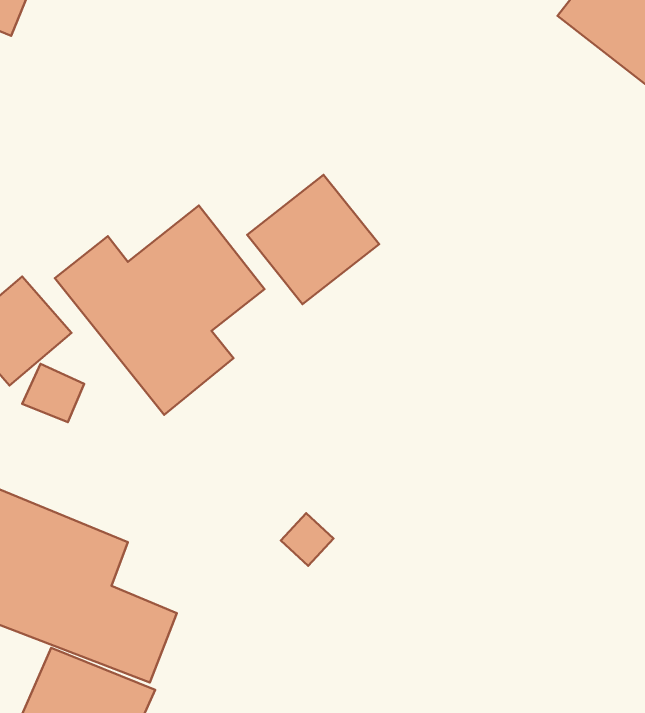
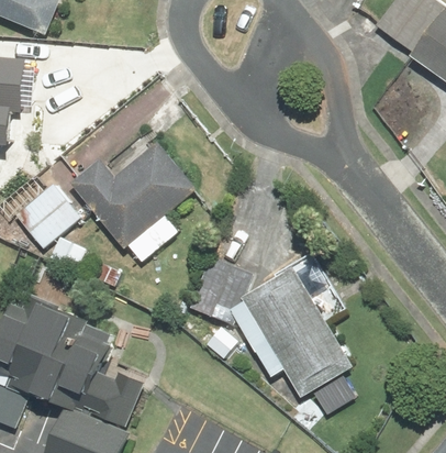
building: [247,175,379,304] -> none
building: none -> [189,252,354,399]

